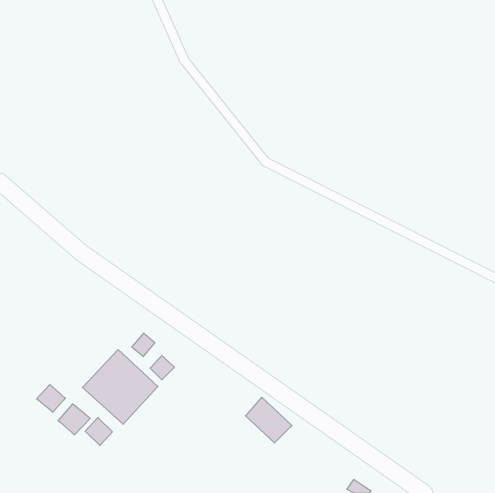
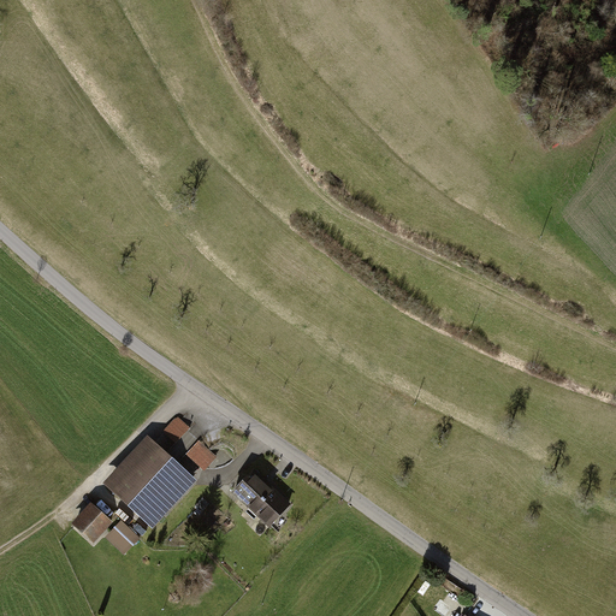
building: [37,385,65,412] -> none
building: [245,397,292,443] -> [232,468,290,525]

